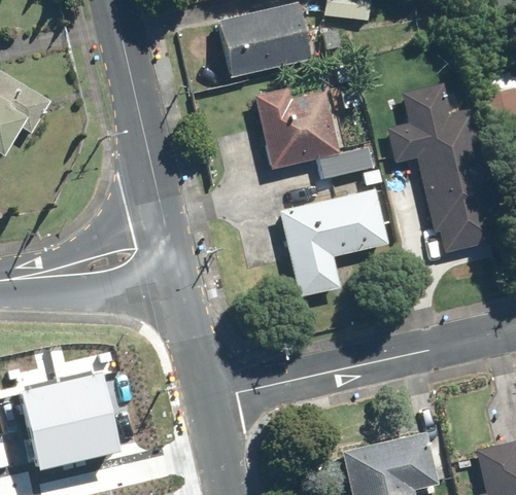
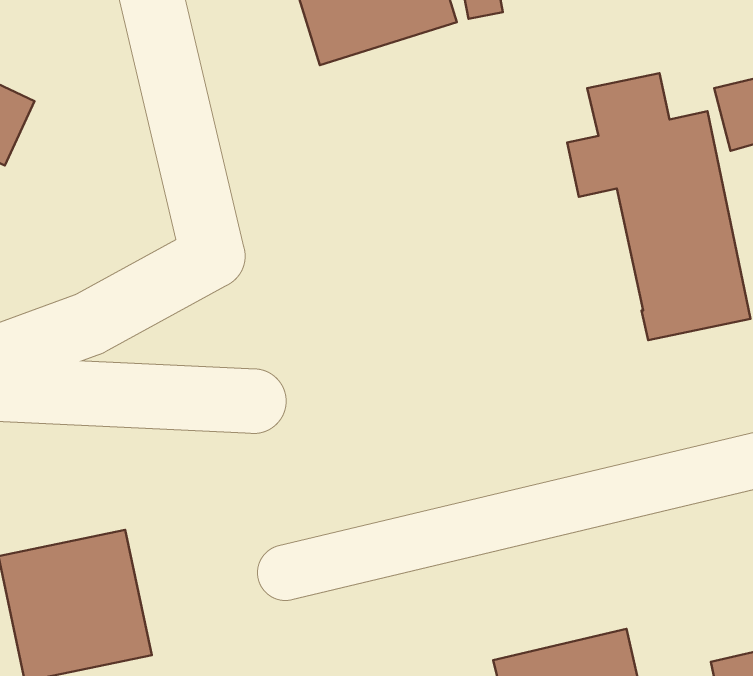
building: [250,81,371,179] -> none
building: [278,192,384,304] -> none

